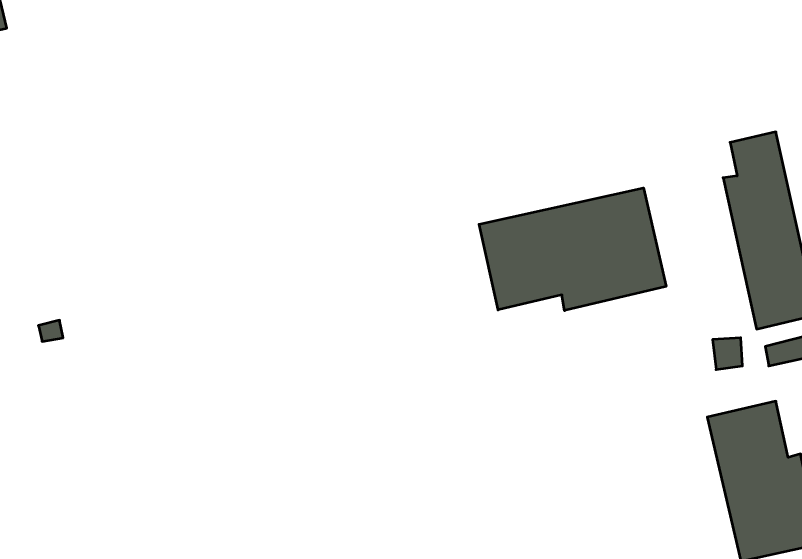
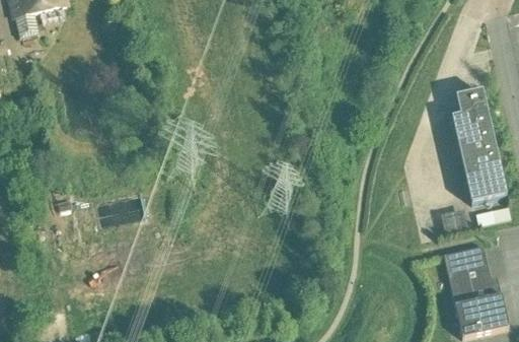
building: [479,188,666,311] -> none

